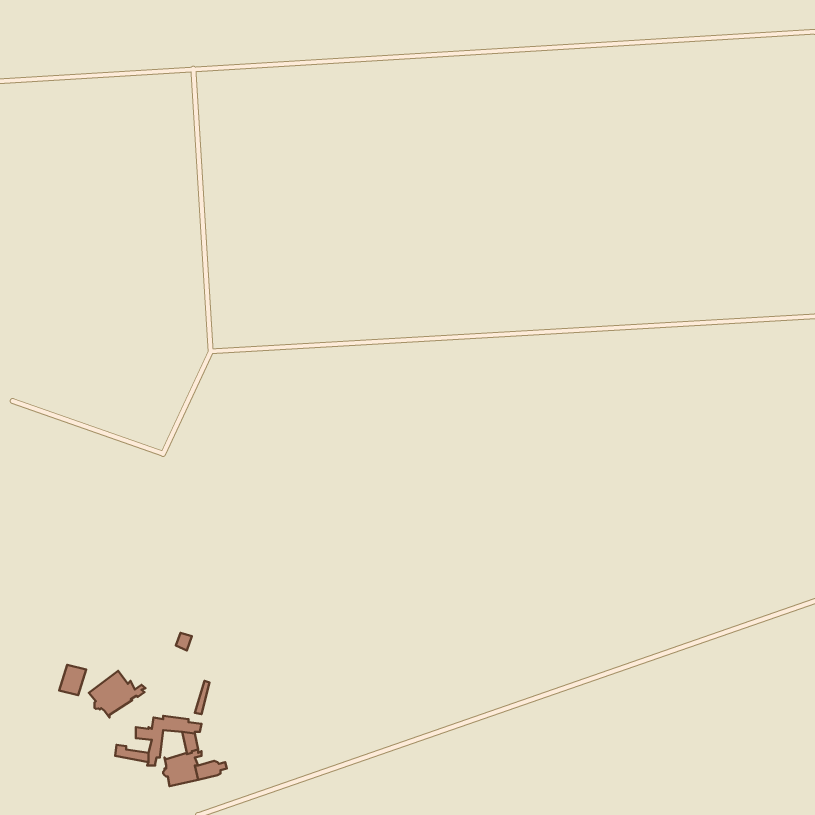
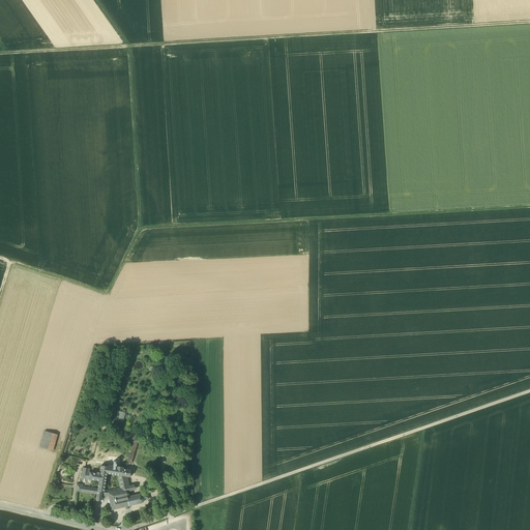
building: [89,671,146,718] -> none

